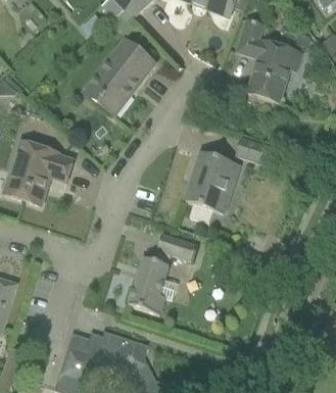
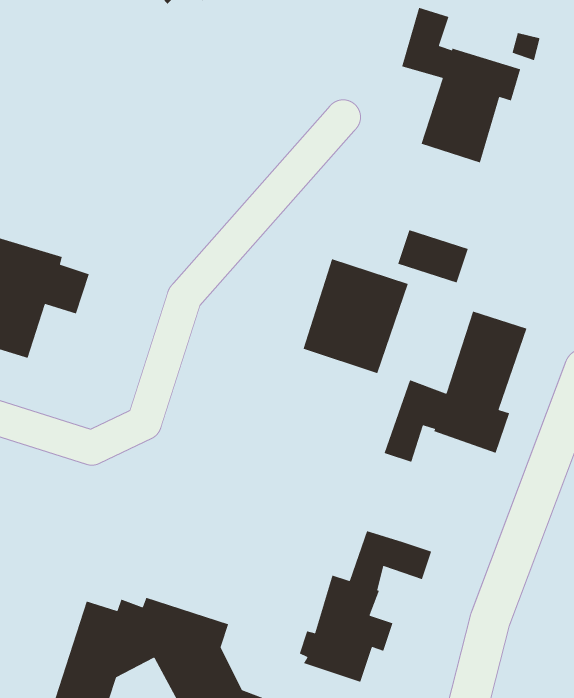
building: [90,37,155,115] -> none
building: none -> [384,310,528,463]
building: [127,233,197,313] -> [299,530,432,683]

